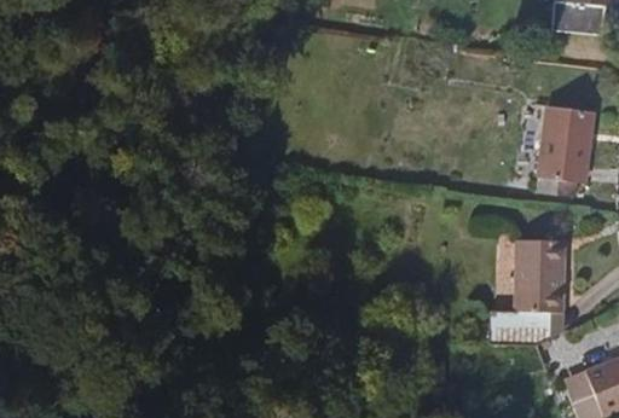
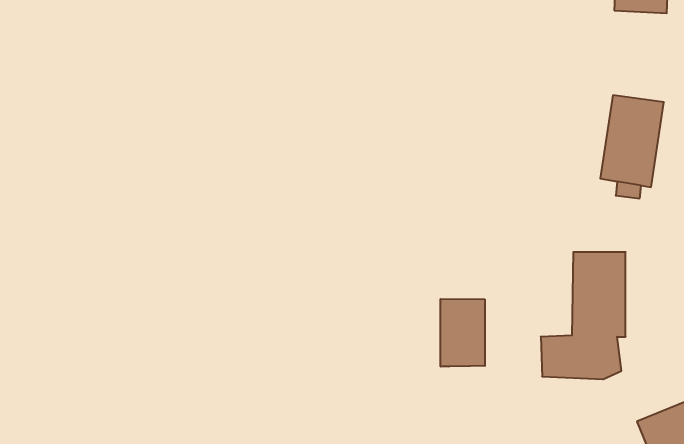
building: none -> [441,299,485,367]

